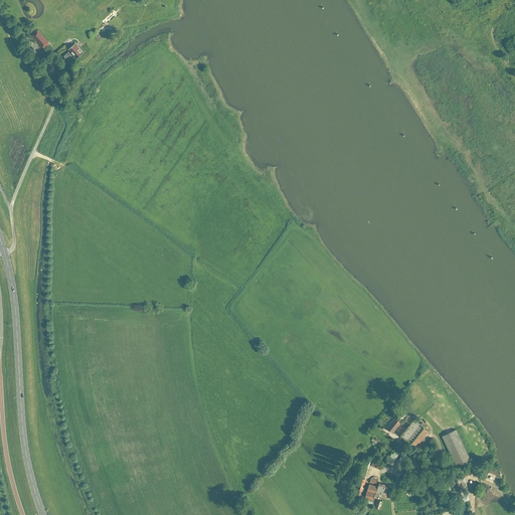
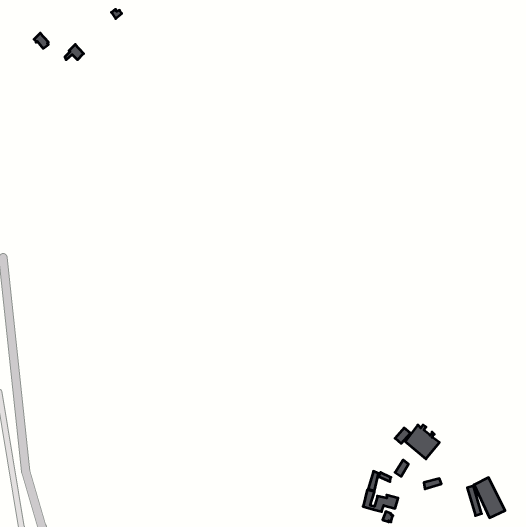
building: [441,428,471,468] -> [474,478,505,518]

